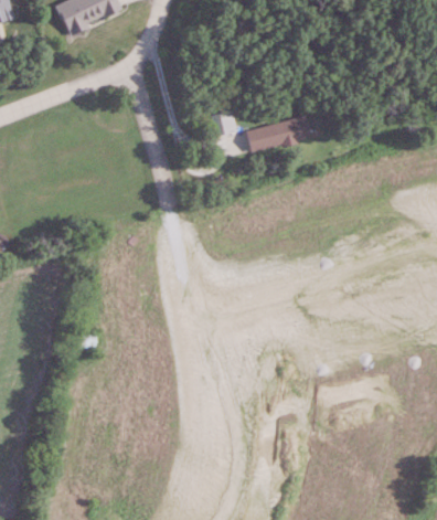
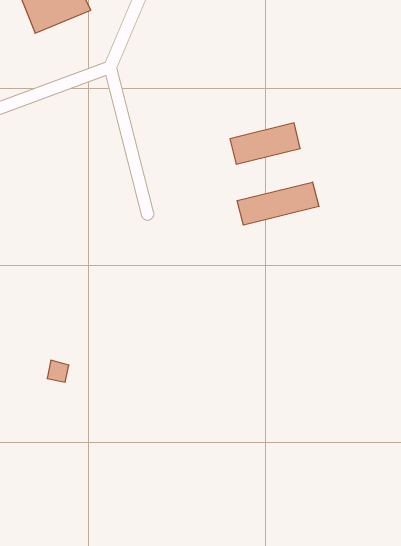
building: none -> [237,182,319,225]

